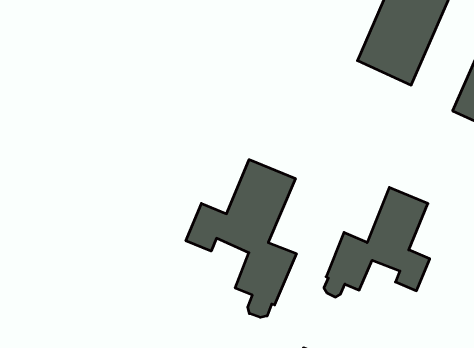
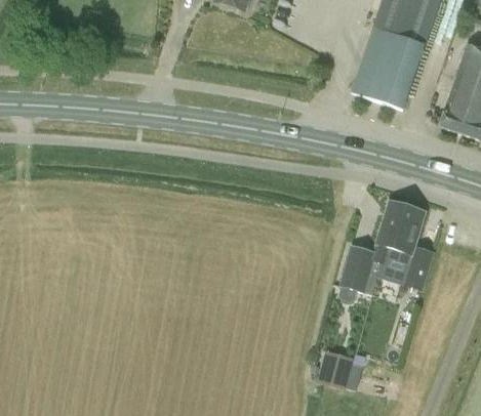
building: [186,160,296,317] -> none

